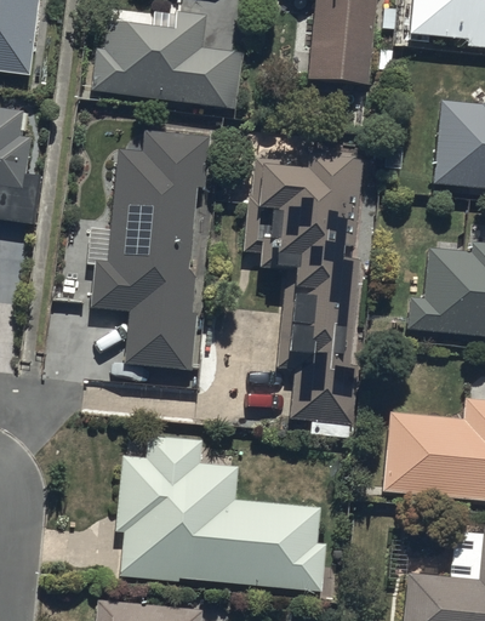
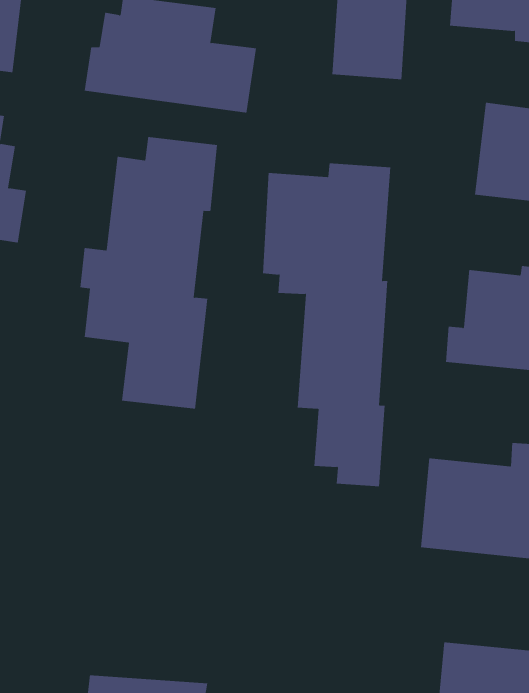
building: [114,435,325,591] -> none

